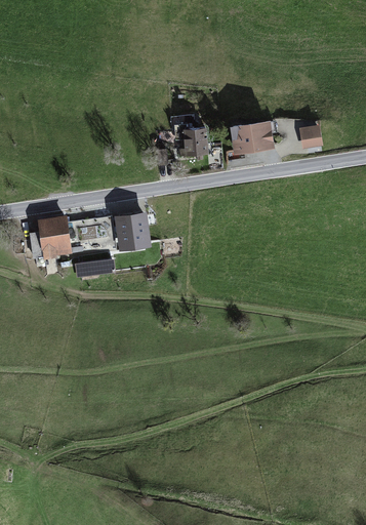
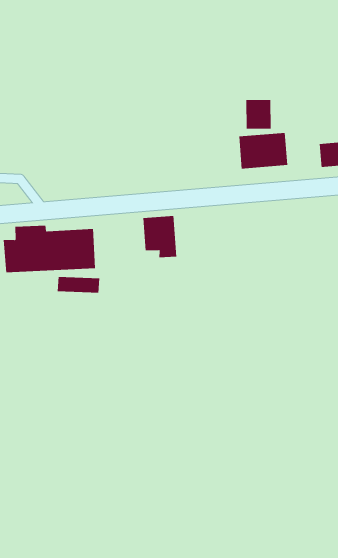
building: [185,128,209,155] -> [246,99,272,129]
building: [114,207,147,245] -> [142,215,177,258]

